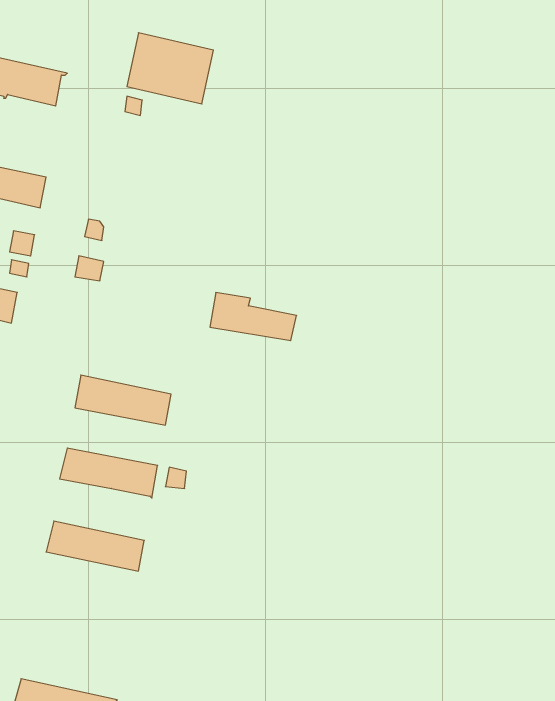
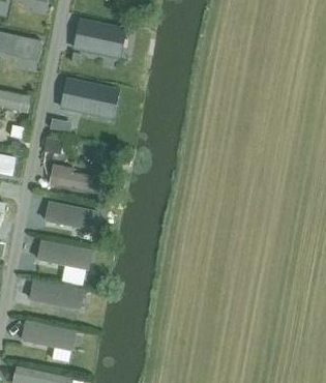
building: none -> [61,79,109,116]
building: [210,293,297,341] -> [52,166,98,192]
building: none -> [23,323,76,350]

